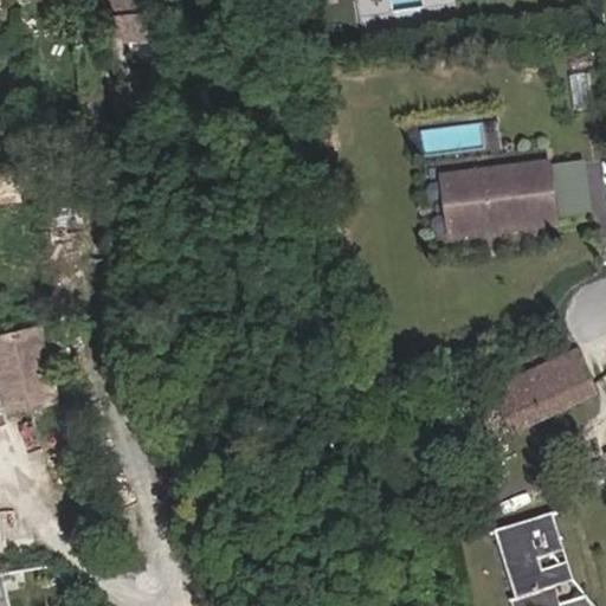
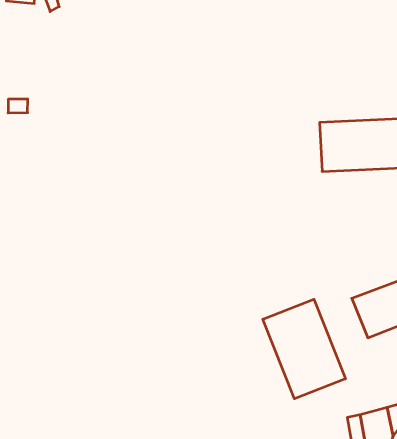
building: none -> [263,299,345,399]

